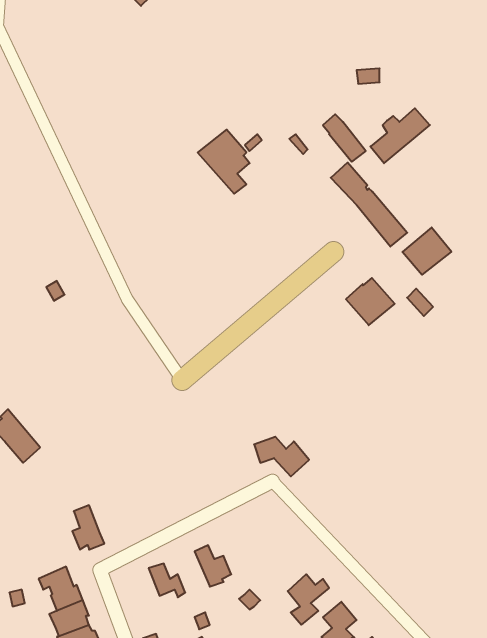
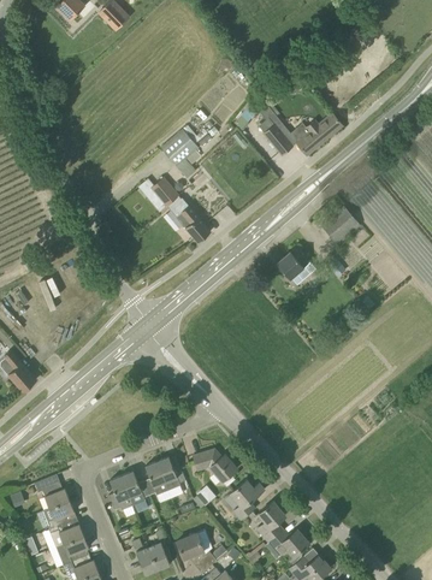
building: [331,163,407,247] -> [150,176,211,242]
building: [254,437,309,476] -> [194,449,237,480]
building: [72,505,104,550] -> [108,474,134,509]
building: none -> [144,461,172,502]

